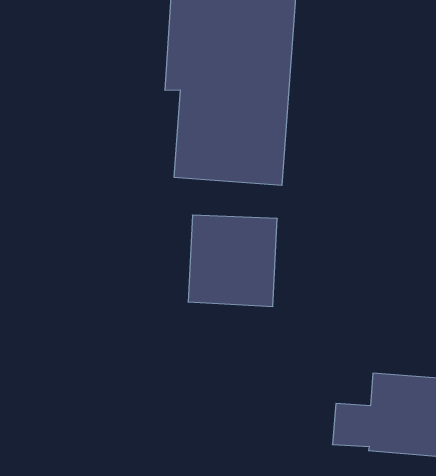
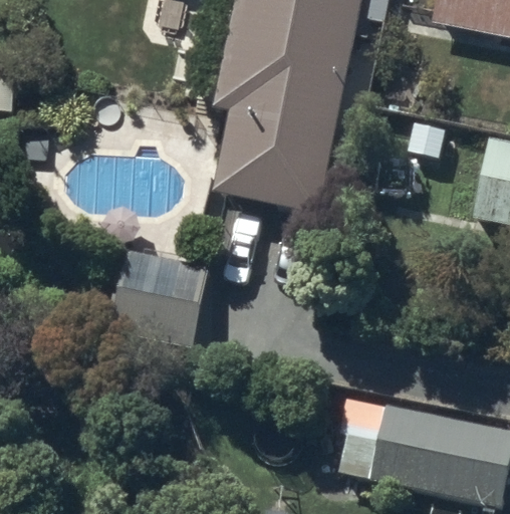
building: [188,215,277,306] -> [111,252,207,349]

